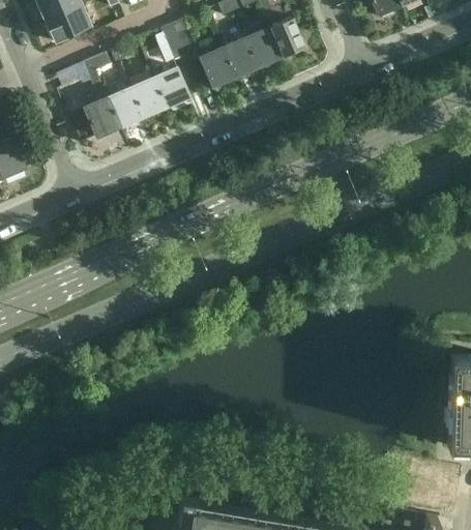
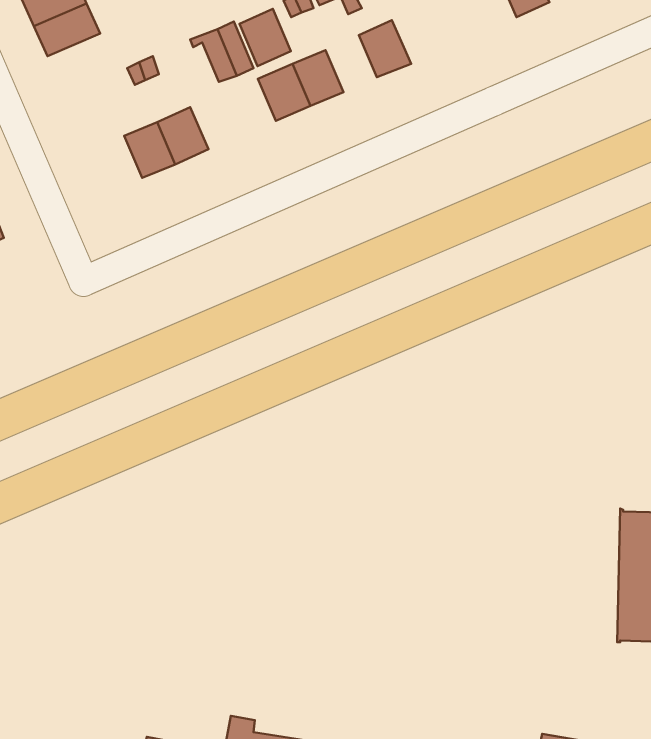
building: [245,28,281,67] -> [240,9,291,66]
building: [60,52,110,86] -> none
building: [152,68,187,107] -> none
building: [83,97,119,137] -> none

